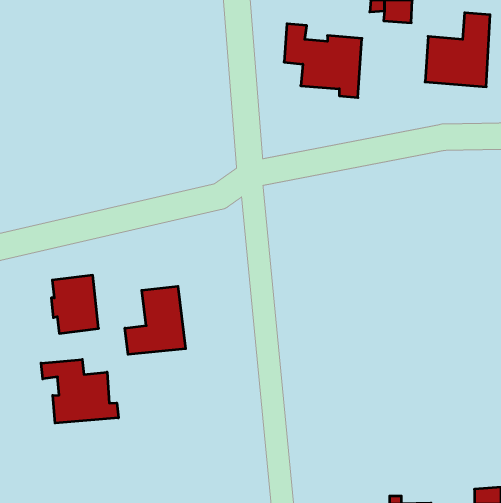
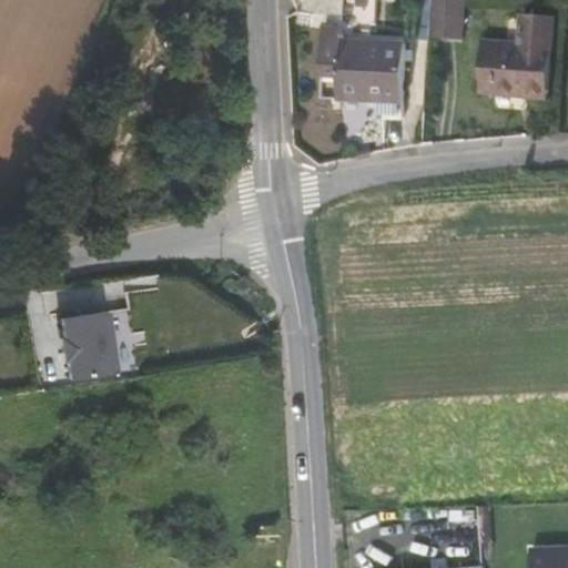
building: [125,286,186,354] -> none
building: [41,359,118,423] -> none

